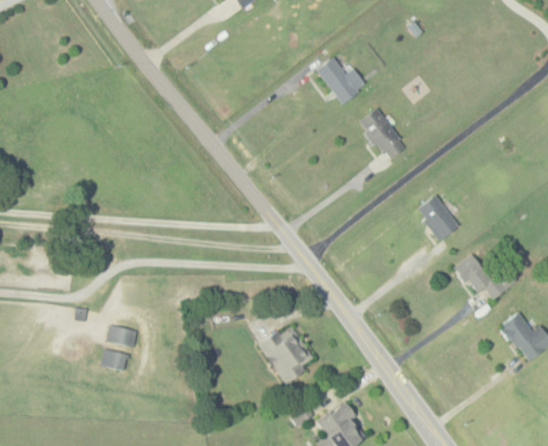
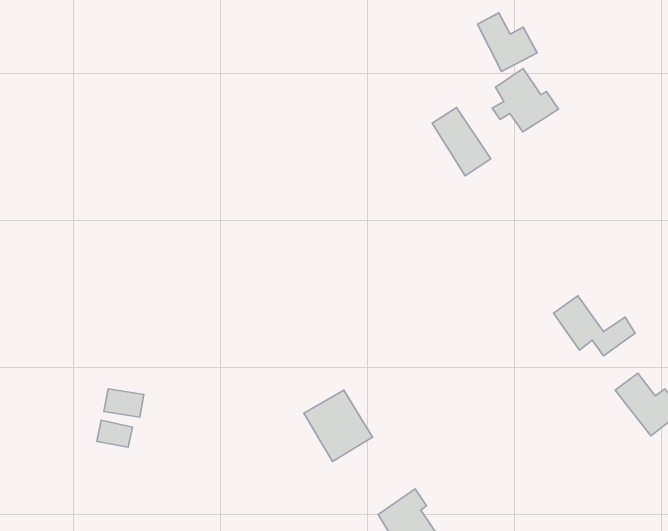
building: [319,56,366,102] -> [477,13,537,71]
building: none -> [492,68,558,132]
building: [418,194,457,239] -> none

